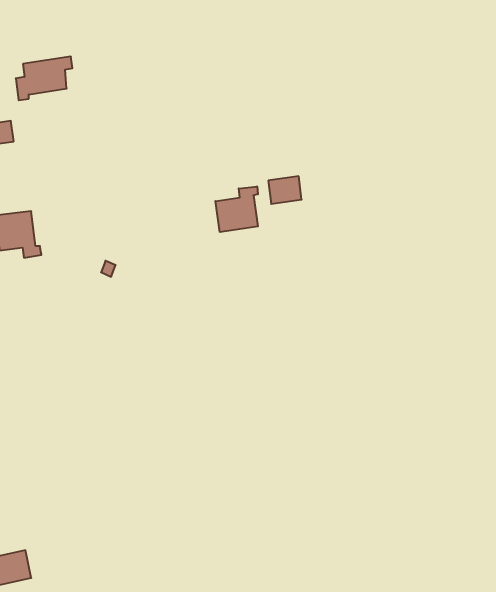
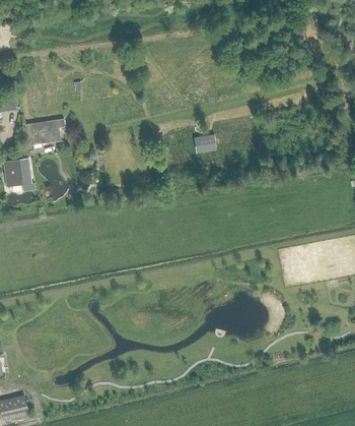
building: [16,57,72,100] -> [24,118,64,148]
building: [215,186,258,232] -> none

